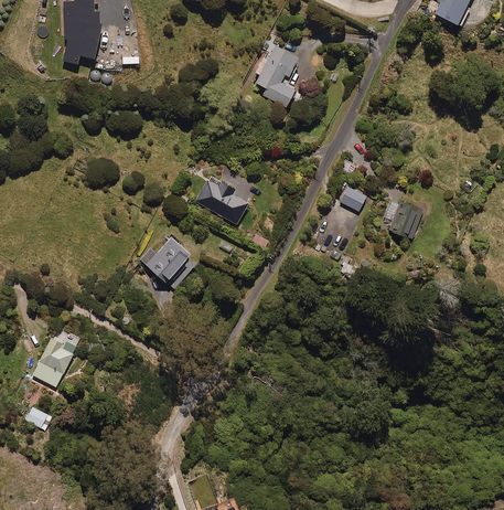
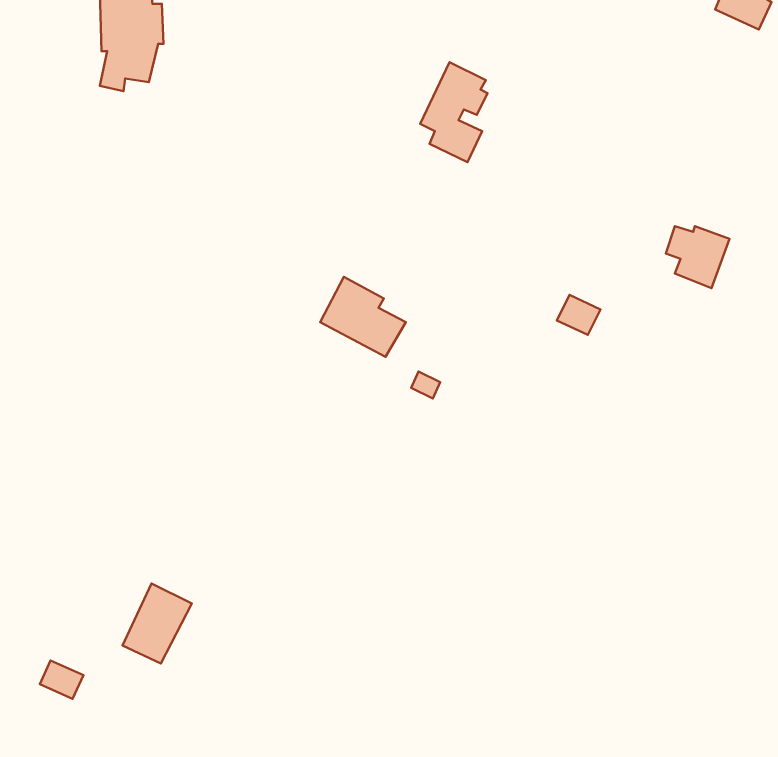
building: [384,201,422,238] -> [666,226,730,288]
building: [140,236,194,288] -> none
building: [32,338,74,386] -> [123,584,192,664]

